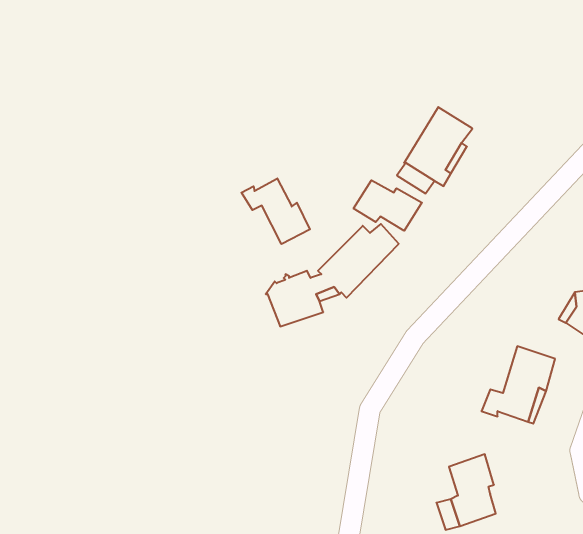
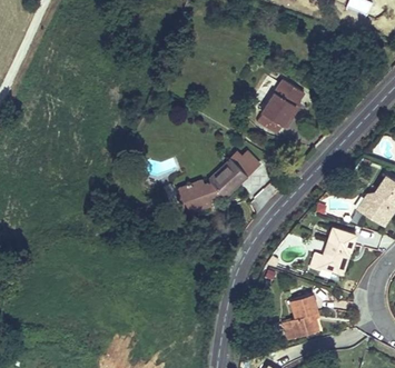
building: [241,178,310,244] -> none
building: [354,180,422,231] -> none

